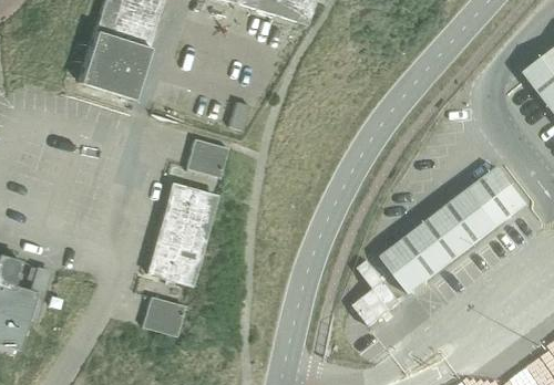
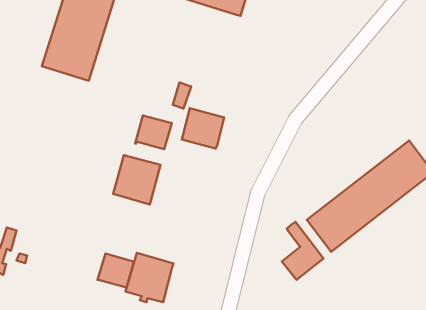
building: none -> [182,108,224,148]
building: [146,227,202,283] -> [125,253,174,302]

